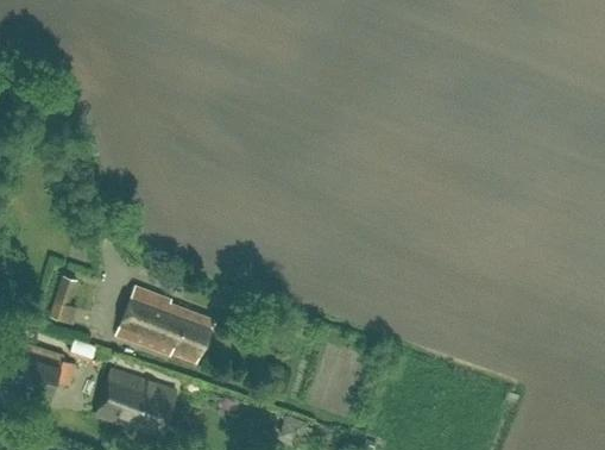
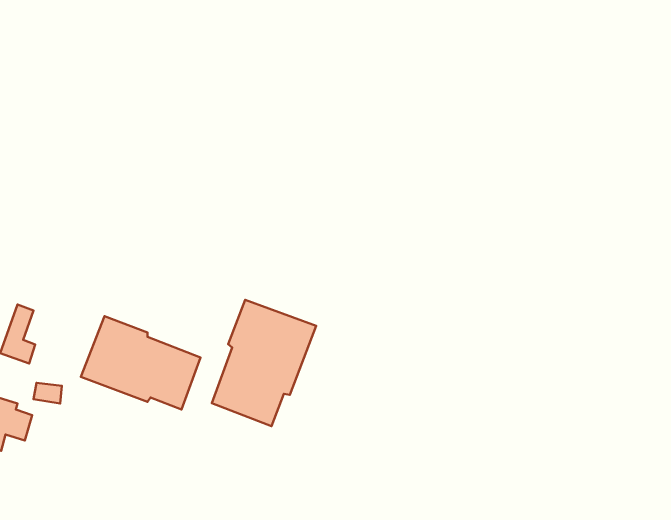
building: none -> [212,300,316,426]
building: [95,369,176,436] -> none

